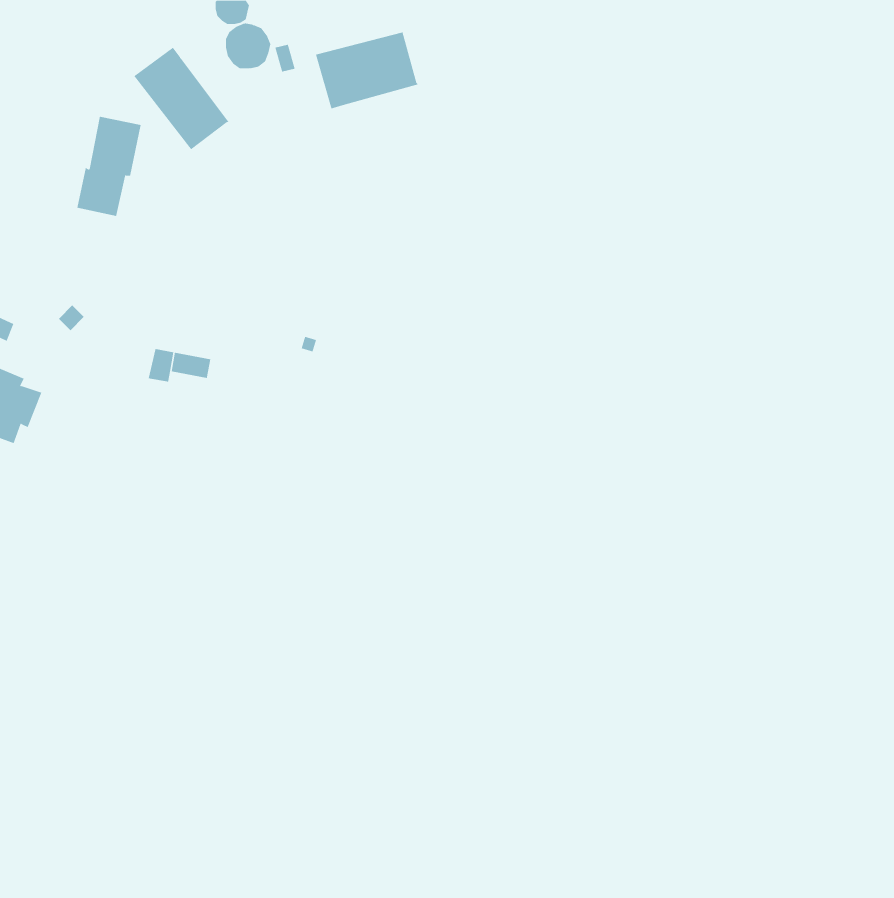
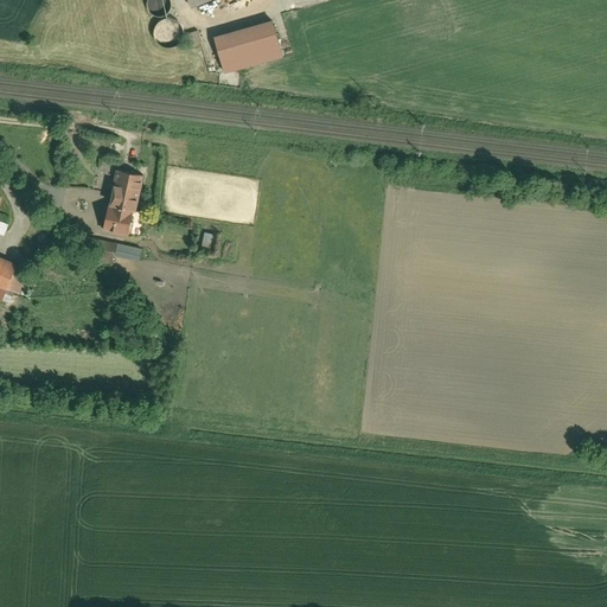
building: [133,47,230,150] -> none
building: [76,116,142,217] -> [100,164,143,231]

